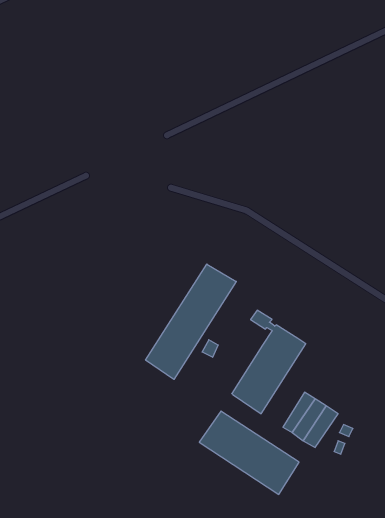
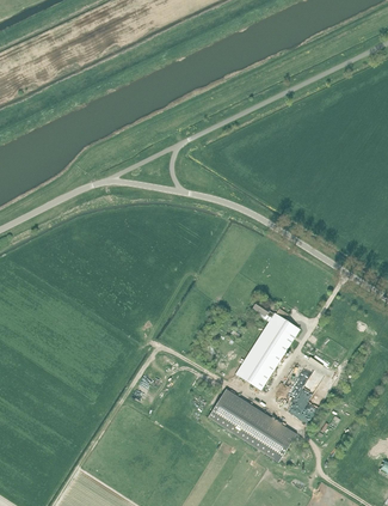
building: [146,264,236,379] -> none

